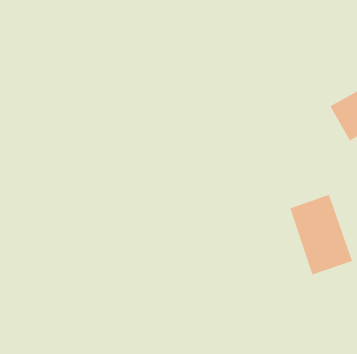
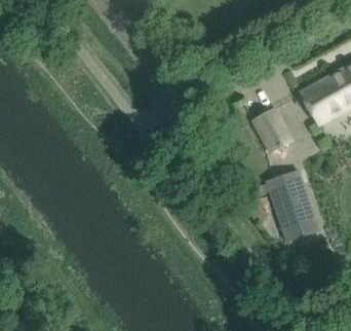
building: none -> [256,110,294,154]

